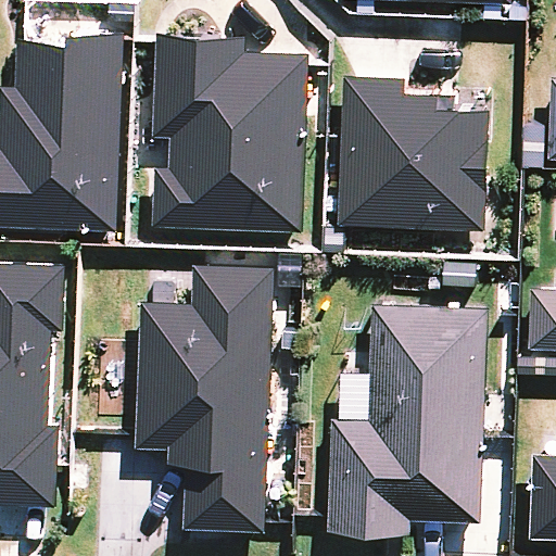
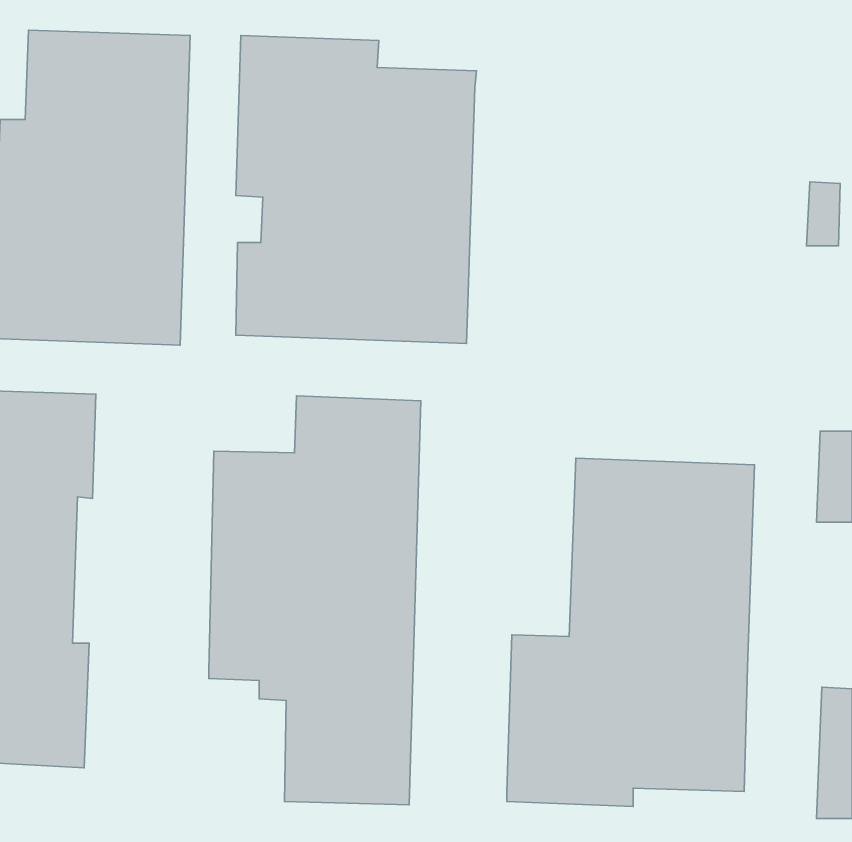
building: [337,77,486,230] -> none

